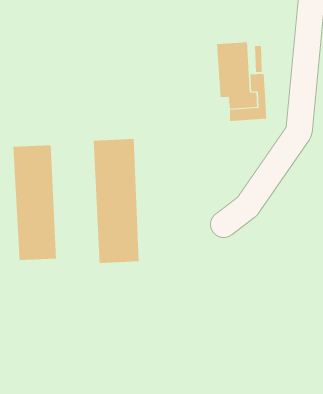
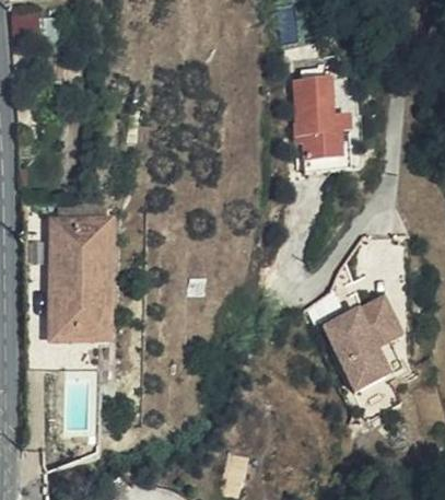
building: [93,138,139,264] -> none
building: none -> [326,301,401,391]

